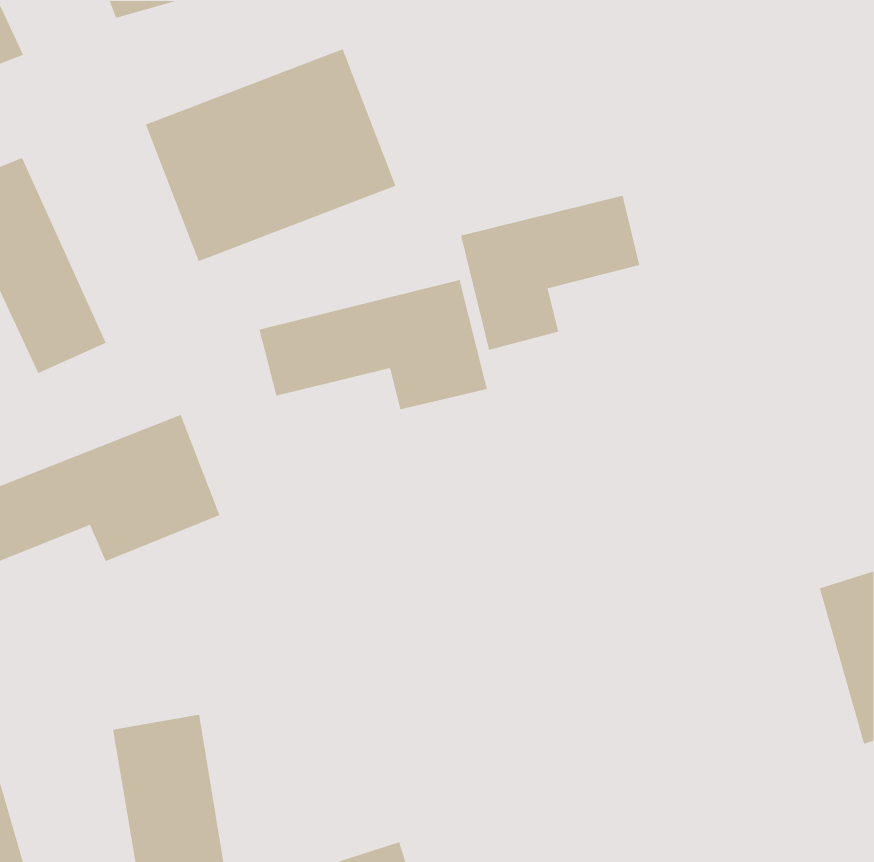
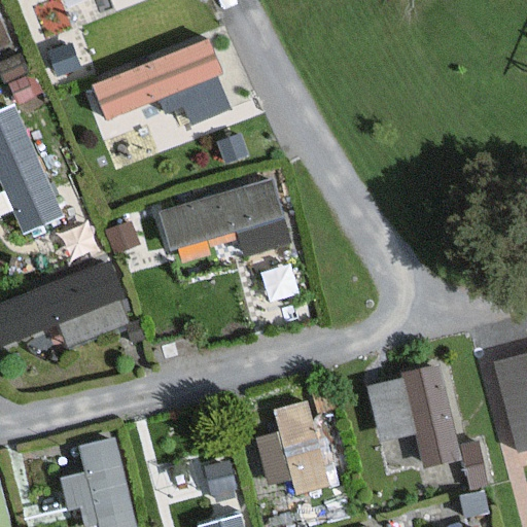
building: [460,195,640,351] -> none
building: none -> [372,364,466,473]
building: none -> [261,405,320,494]

